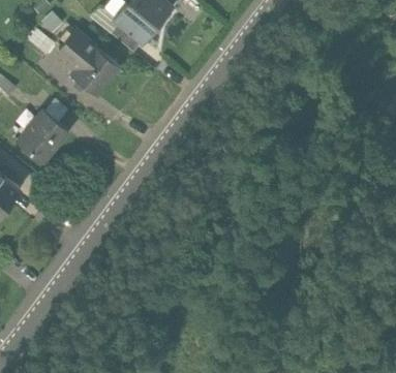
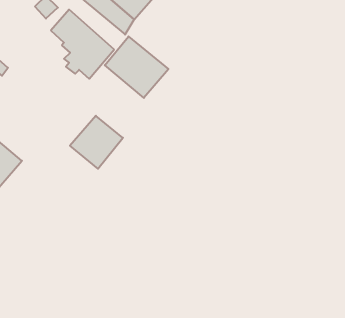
building: none -> [105,36,168,98]
building: [13,113,68,167] -> [70,116,123,169]

